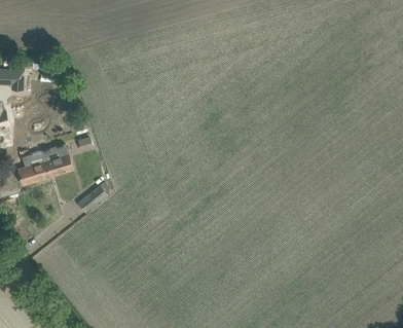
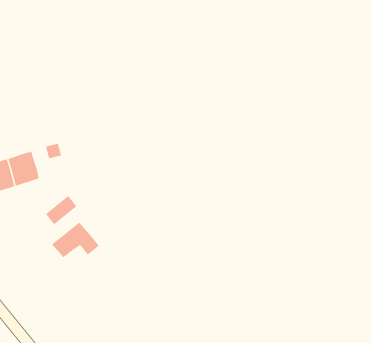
building: none -> [51,222,99,258]

